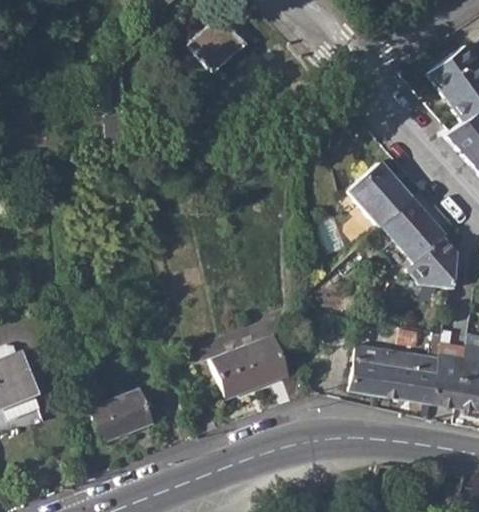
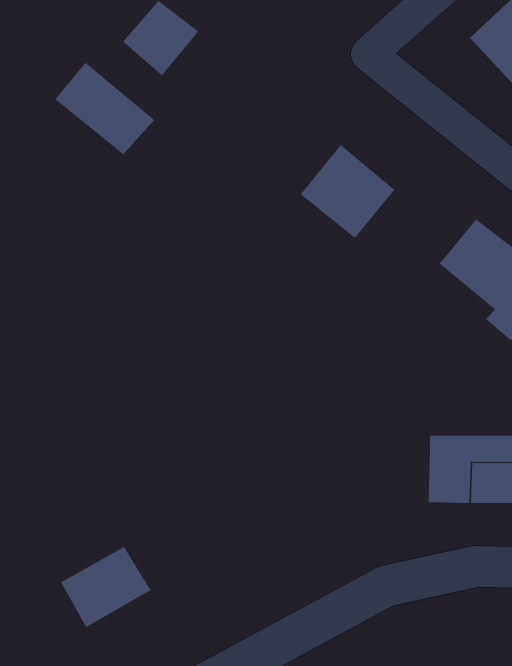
building: none -> [55,62,155,155]
building: [348,163,414,229] -> [300,144,395,238]
building: [213,335,287,397] -> none

